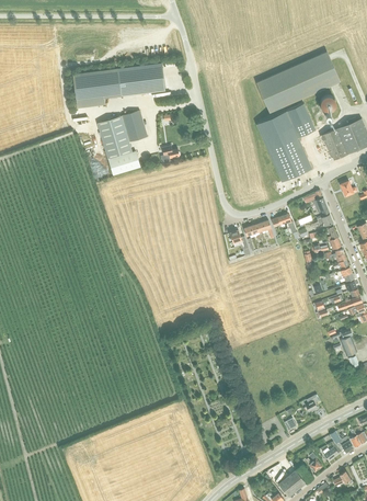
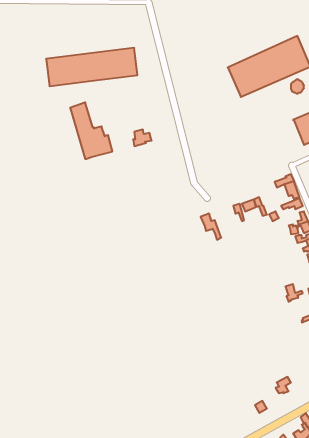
building: [257,104,314,181] -> none
building: [113,111,147,145] -> none

